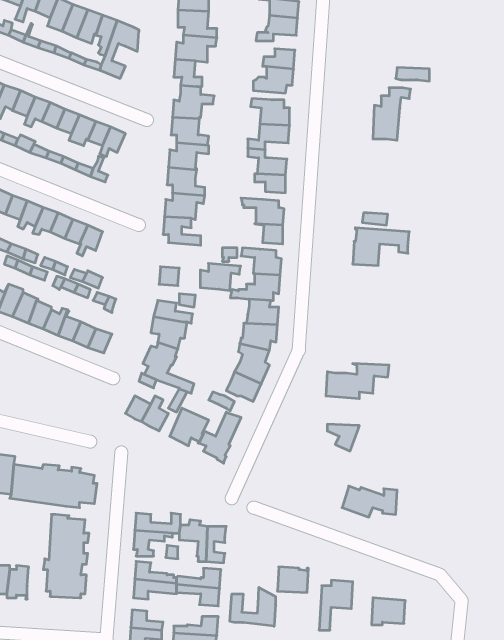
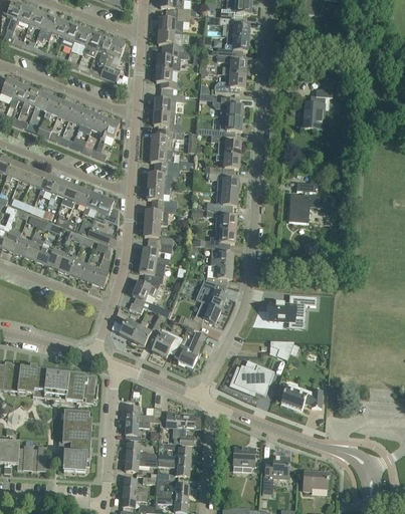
building: none -> [94,196,118,223]
building: [200,263,241,290] -> [145,204,175,224]
building: none -> [229,363,273,395]
building: [230,587,276,626] -> none

